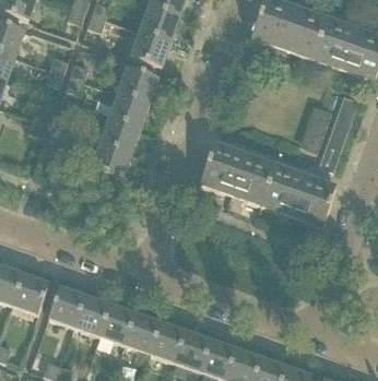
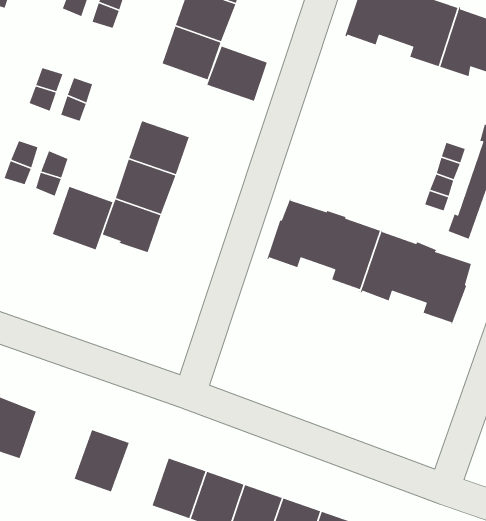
building: [118,66,158,103] -> [206,45,268,102]
building: none -> [52,186,113,250]
building: [48,286,85,328] -> none
building: [98,303,135,345] -> none

